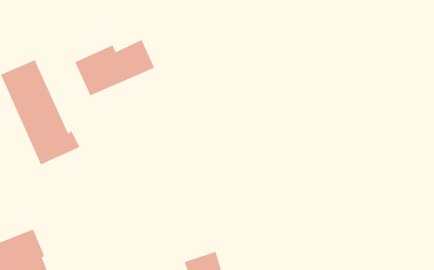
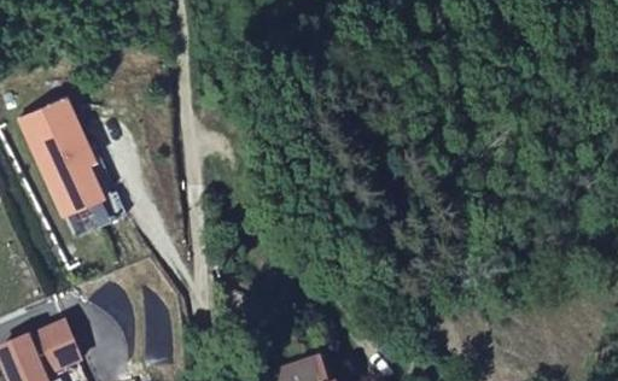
building: [75,39,155,96] -> none

